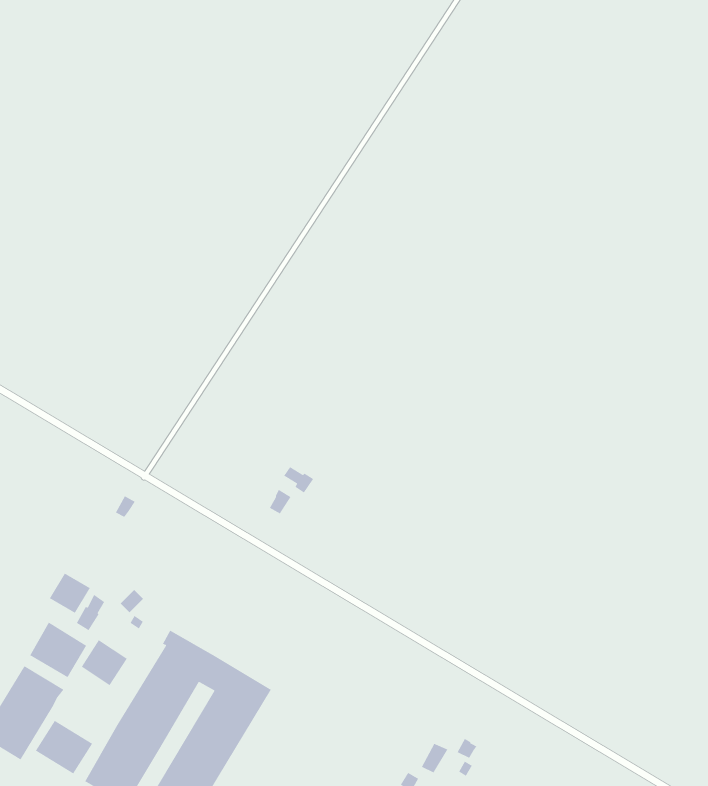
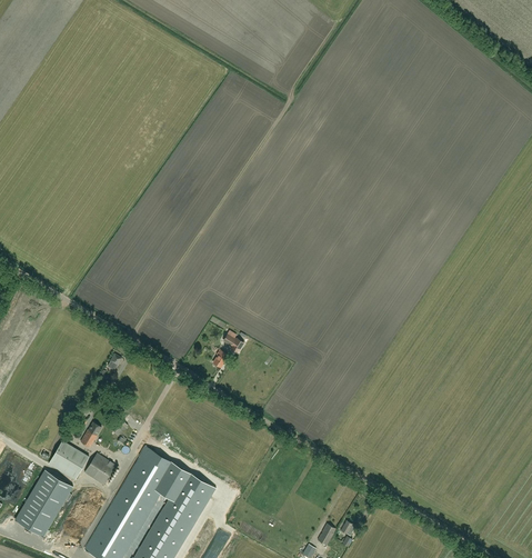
building: [49,573,91,614] -> none
building: [35,720,93,775] -> none

